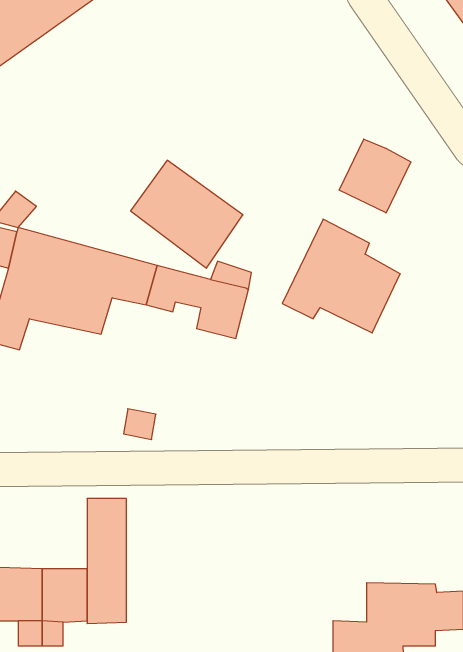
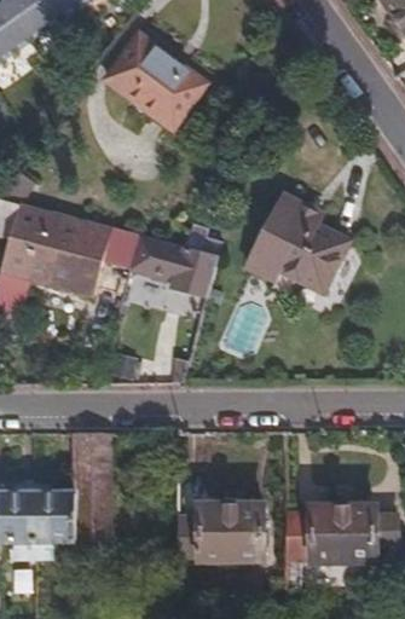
building: [339,139,411,213] -> none
building: [131,160,243,268] -> [105,34,202,127]
building: none -> [180,504,265,559]

